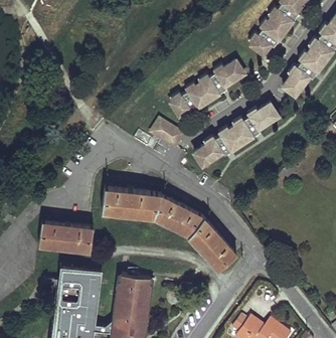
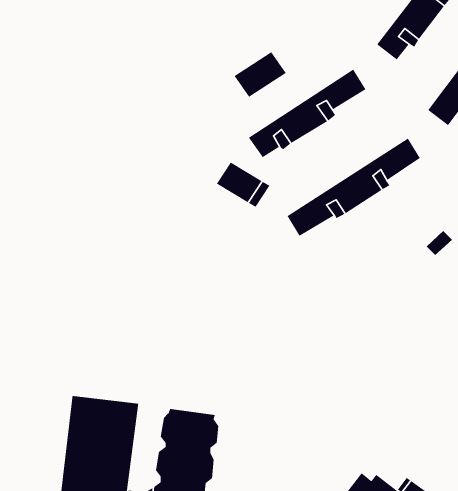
building: none -> [233,51,287,98]
building: [102,185,236,269] -> none
building: [39,220,94,250] -> none

